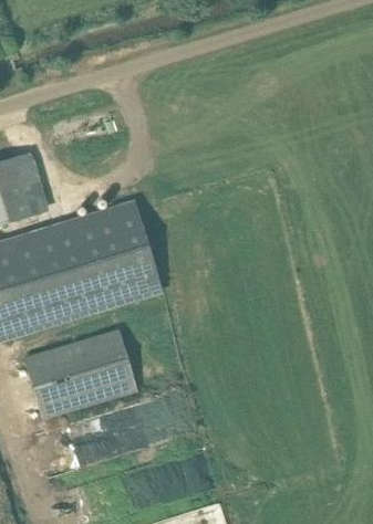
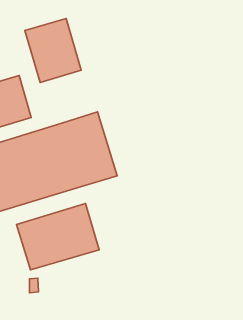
building: none -> [25,19,81,83]

